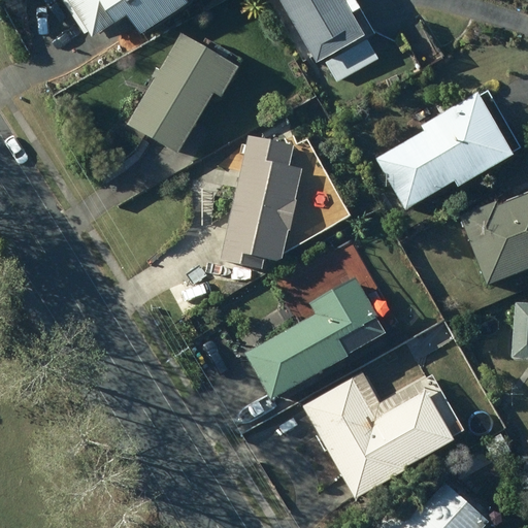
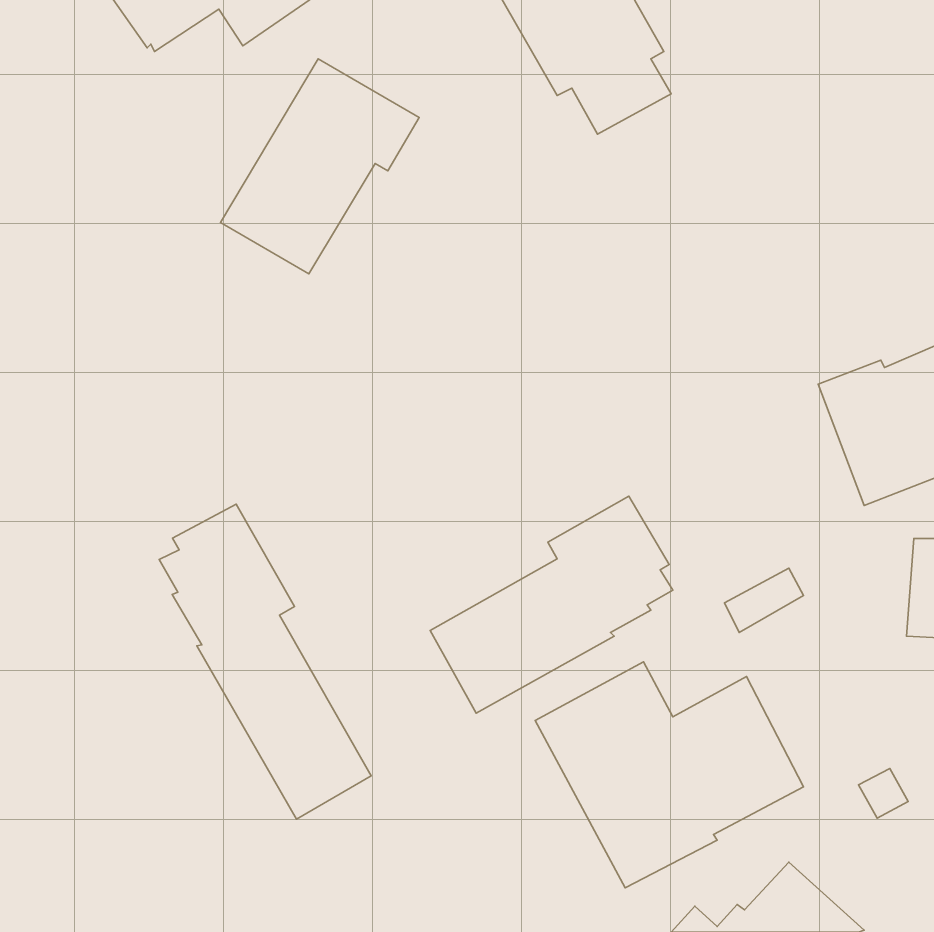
building: [376,93,513,208] -> none
building: [220,134,301,270] -> none
building: none -> [159,504,371,819]

